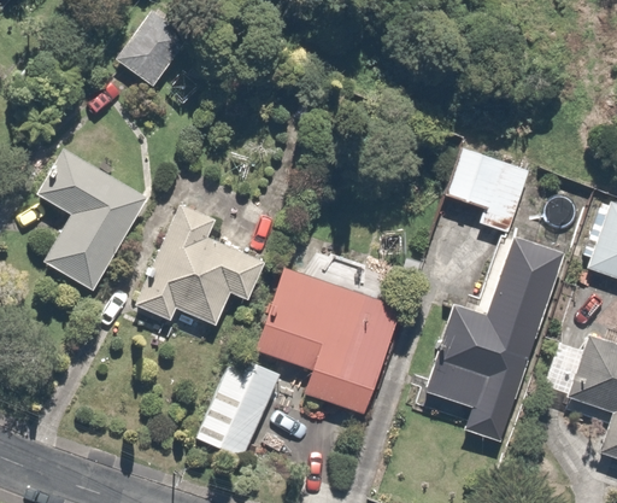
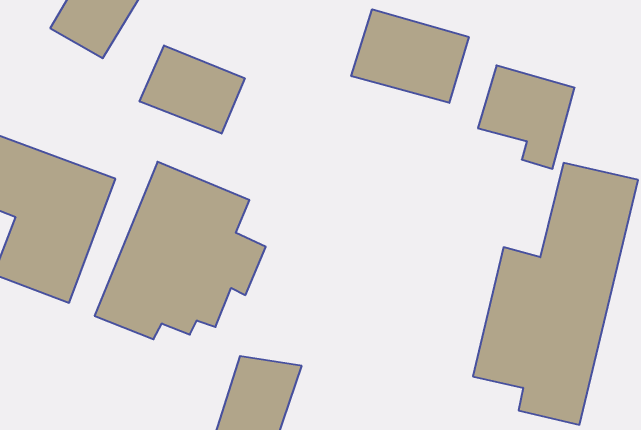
building: none -> [351,9,469,103]
building: none -> [140,45,245,134]
building: [254,269,406,417] -> none

